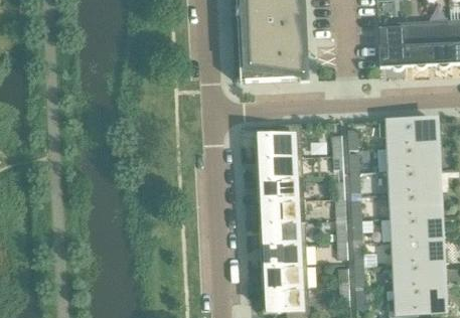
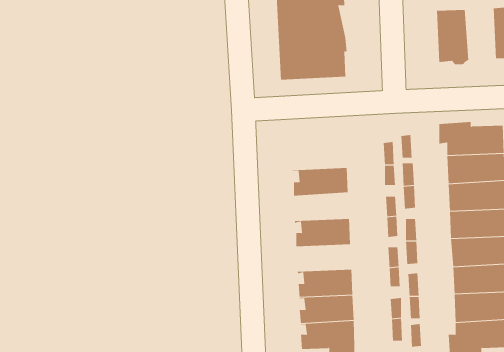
building: [403,20,428,67] -> none
building: [254,122,302,158] -> none
building: [256,177,304,201] -> none
building: [258,221,306,245] -> none

